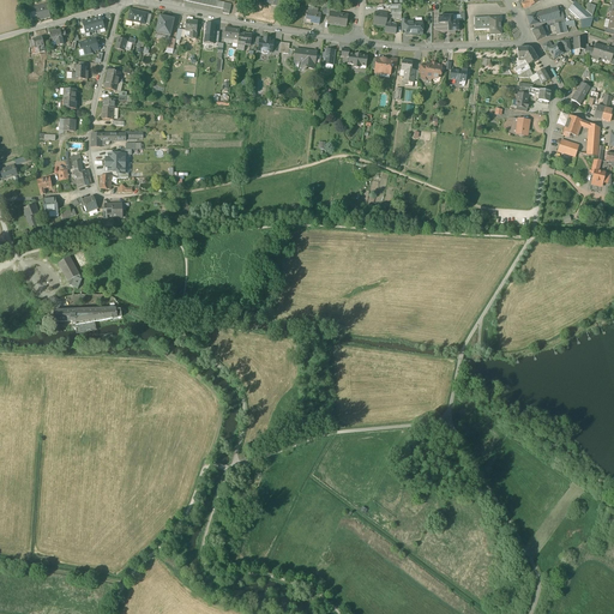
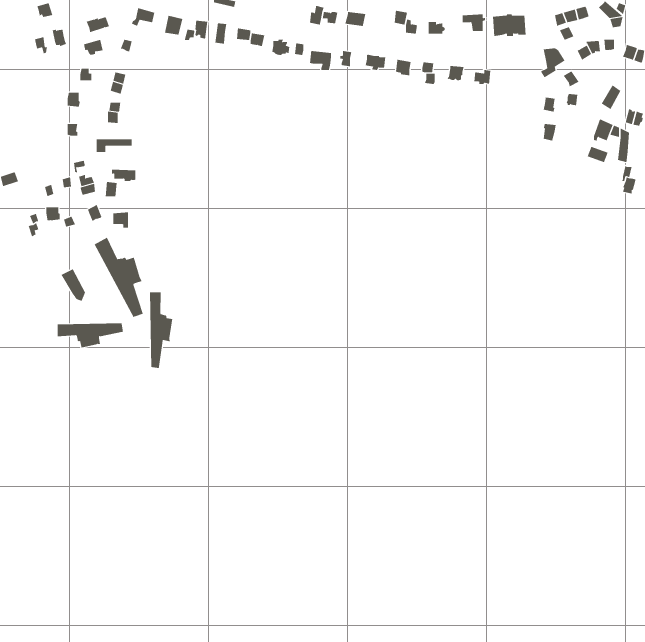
building: none -> [94,237,143,318]
building: none -> [150,291,173,369]

